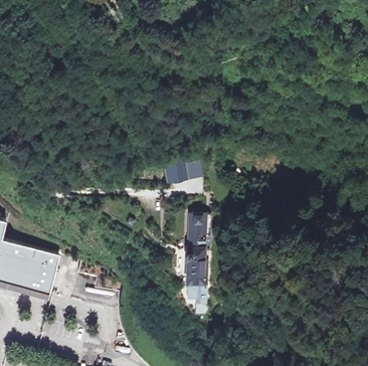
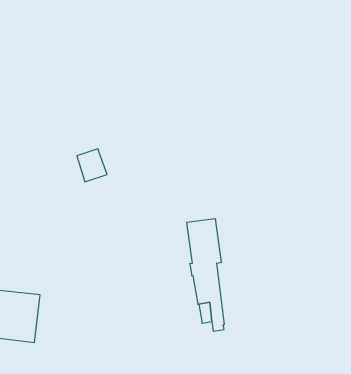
building: [167,155,189,180] -> [77,149,107,182]

